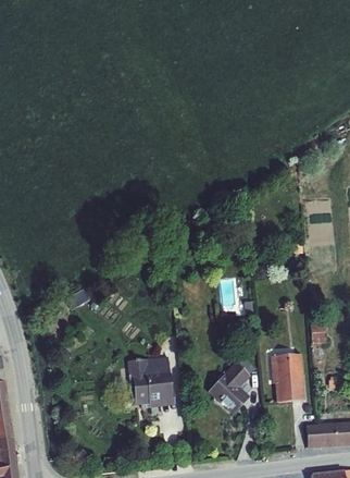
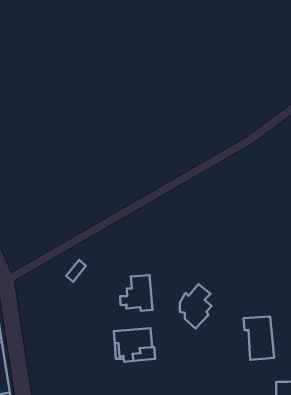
building: none -> [120,275,153,311]
building: [215,361,250,410] -> [180,284,211,329]

